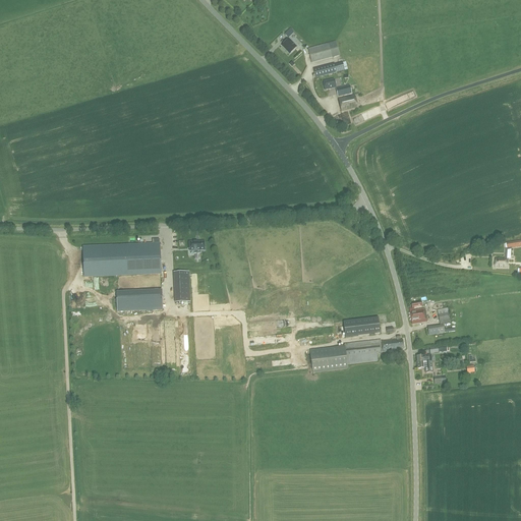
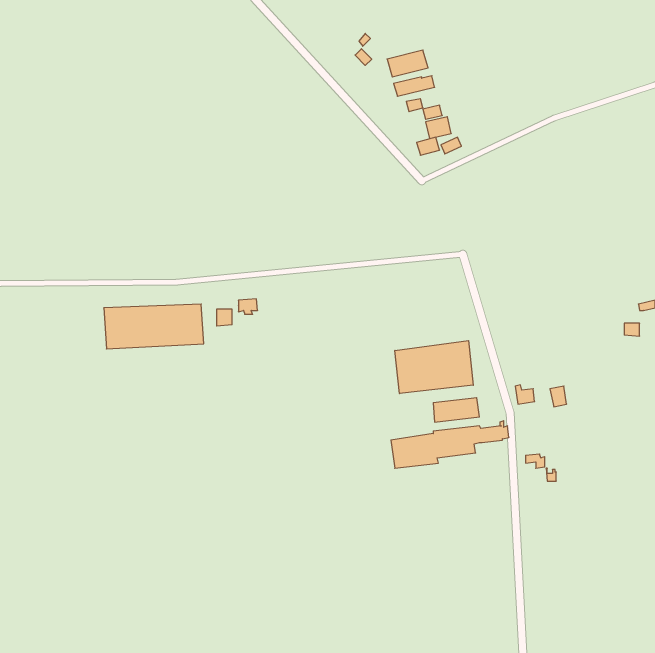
building: [173,270,190,300] -> none
building: none -> [395,341,473,394]
building: [116,292,163,308] -> none

